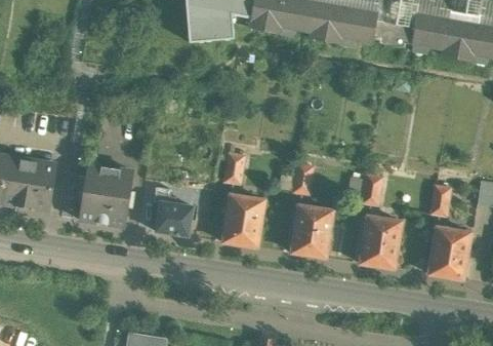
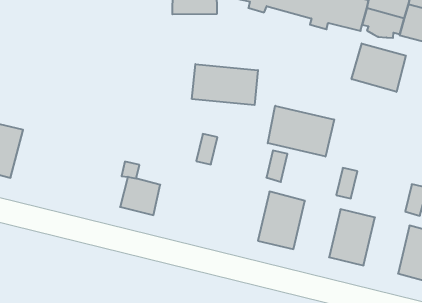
building: none -> [352,43,406,92]
building: none -> [192,64,258,105]
building: none -> [268,106,334,157]
building: [79,164,133,226] -> none
building: [222,194,263,246] -> none

